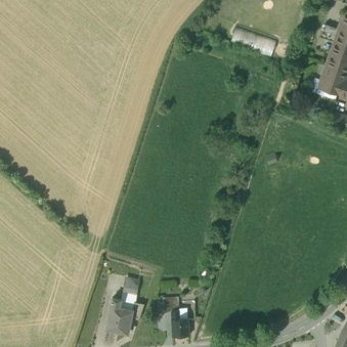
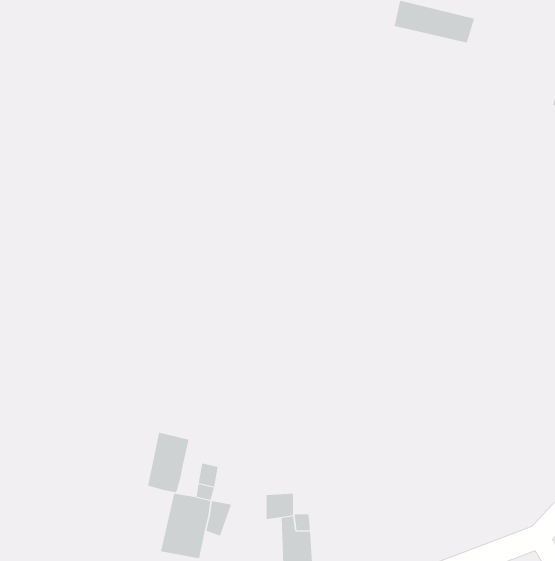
building: none -> [147,432,189,493]

